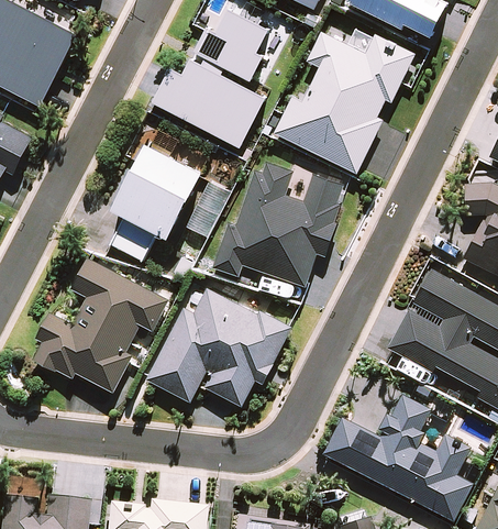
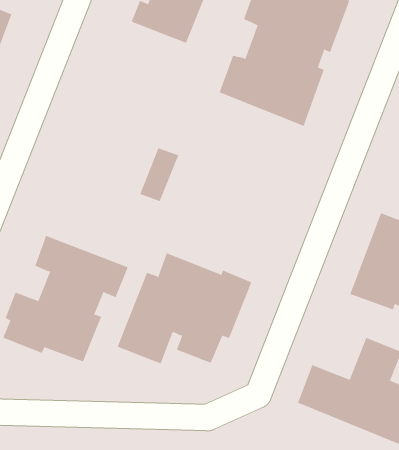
building: [153,59,265,147] -> none
building: [111,144,201,261] -> none
building: [213,164,342,287] -> none

